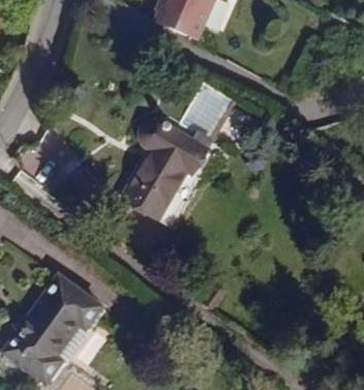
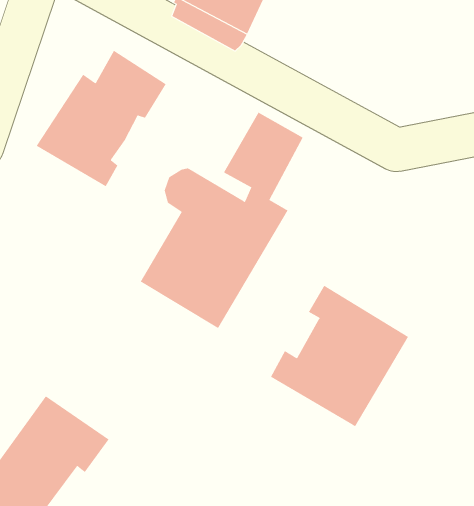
building: none -> [36,50,167,187]
building: none -> [270,285,409,427]

